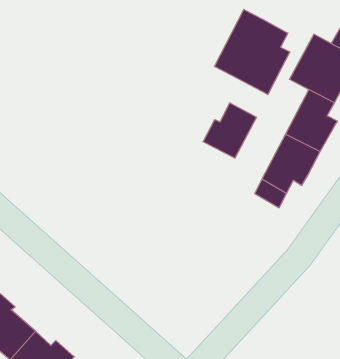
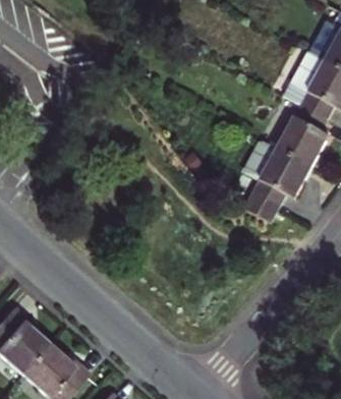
building: [215,9,290,95] -> none
building: [203,103,256,158] -> none

